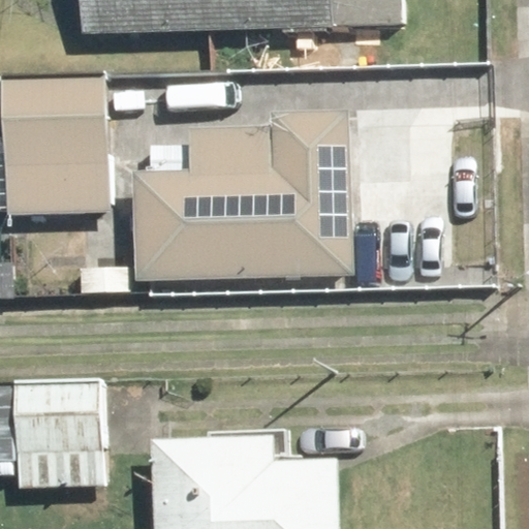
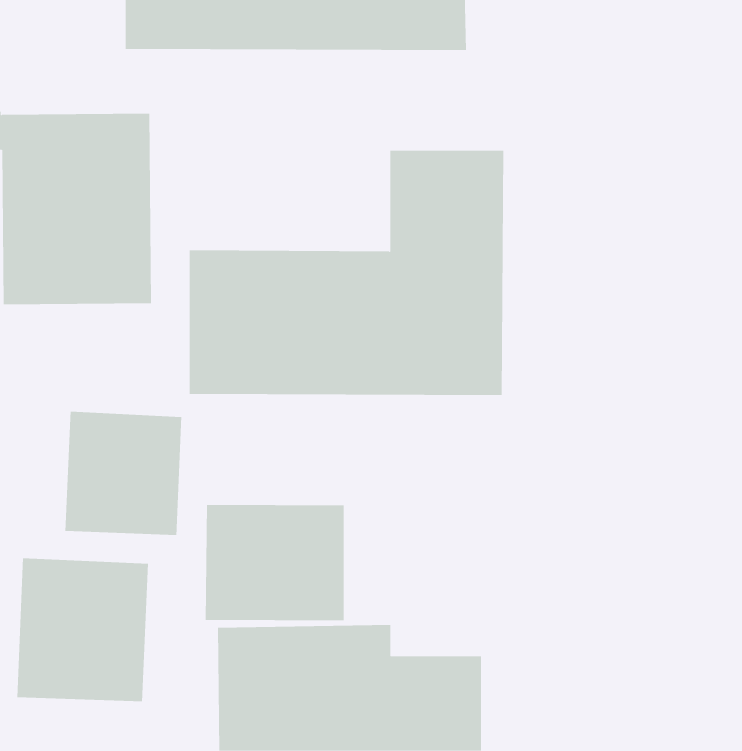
building: none -> [65,411,182,536]
building: none -> [205,504,344,621]

